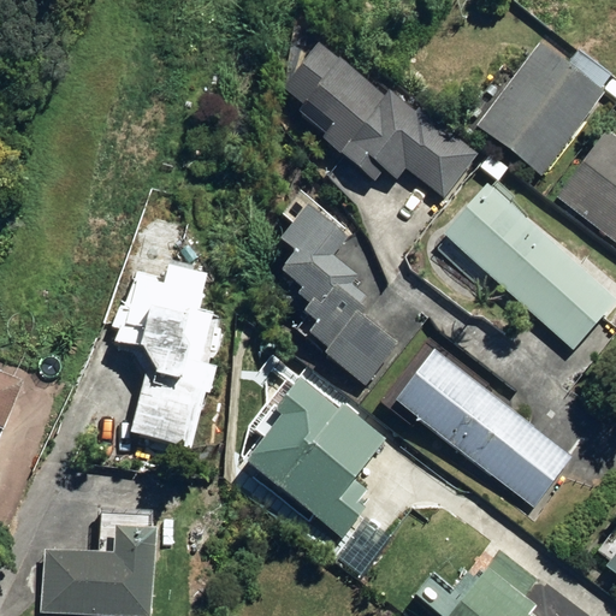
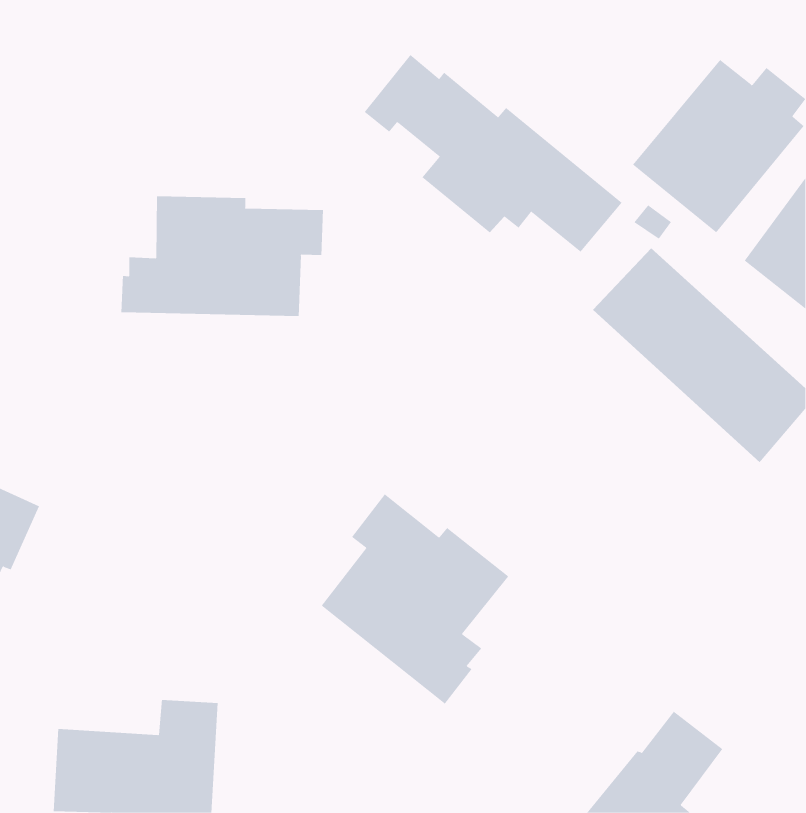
building: none -> [121,195,323,317]
building: [276,203,398,386] -> none
building: [120,265,220,448] -> none
building: [397,353,570,509] -> none

